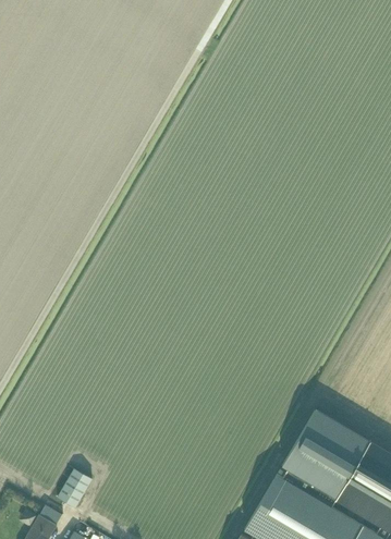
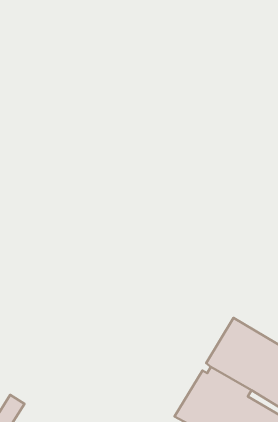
building: [57,467,93,509] -> none

